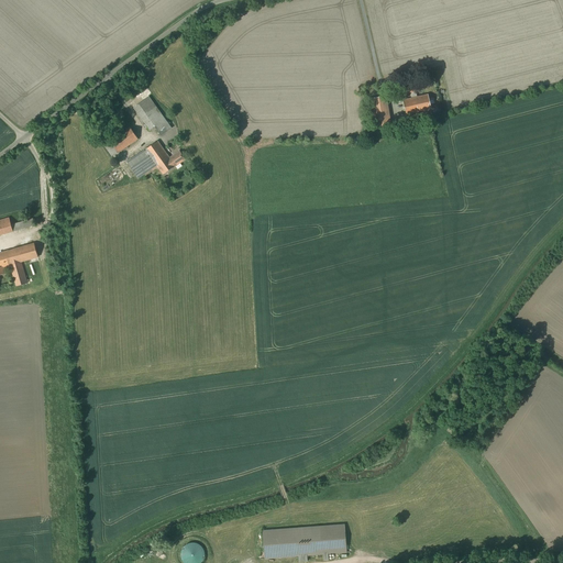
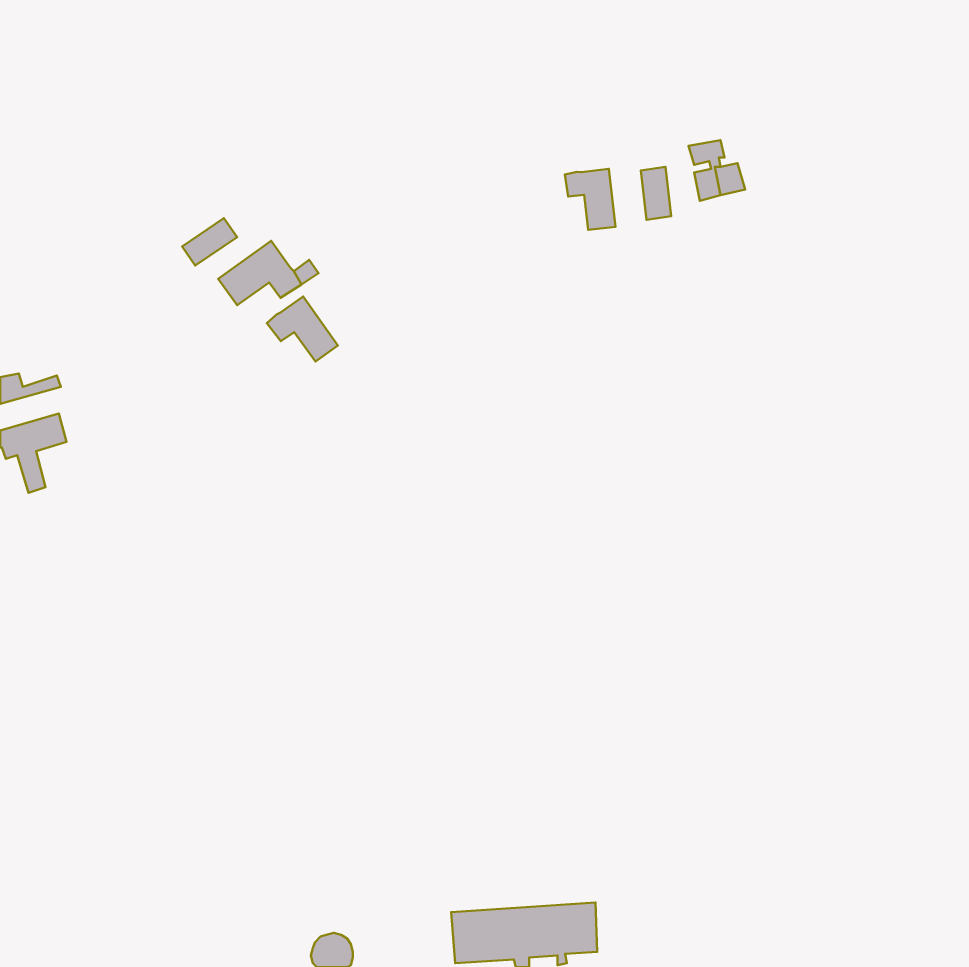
building: [134,96,172,135] -> none
building: none -> [565,169,615,230]
building: none -> [267,297,338,362]

